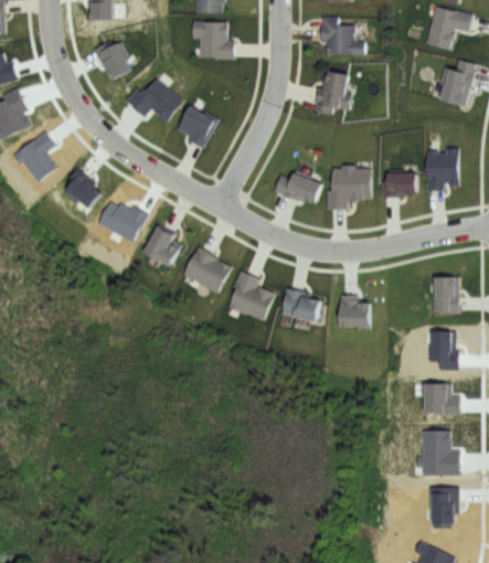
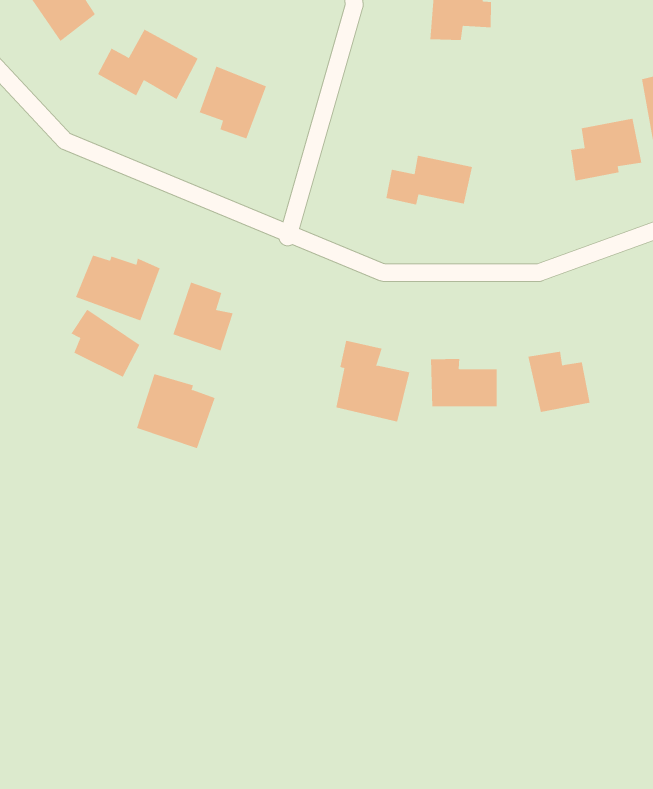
building: [327,166,372,212] -> none
building: [64,168,102,209] -> [71,309,140,377]
building: [184,247,231,293] -> [136,373,216,449]

